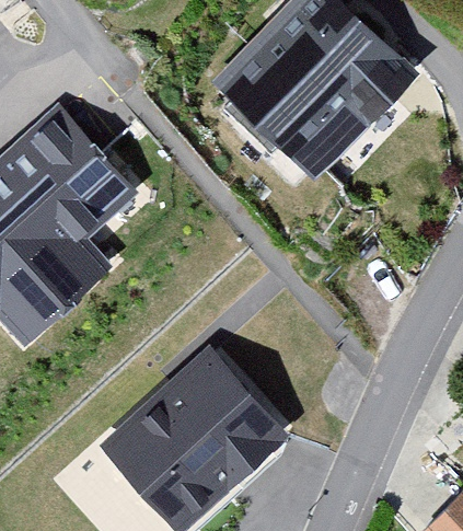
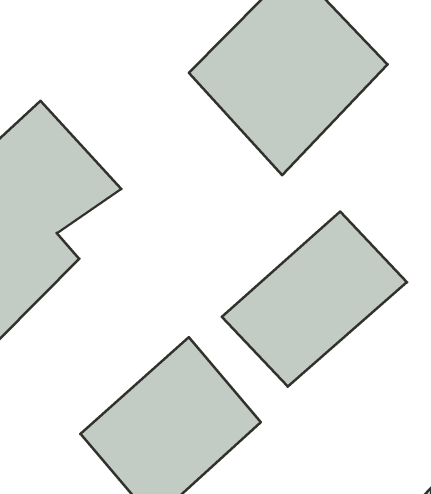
building: none -> [222,212,407,387]

